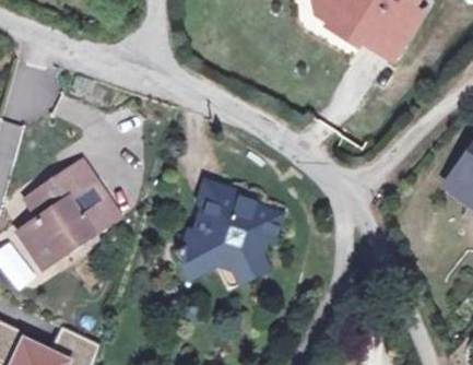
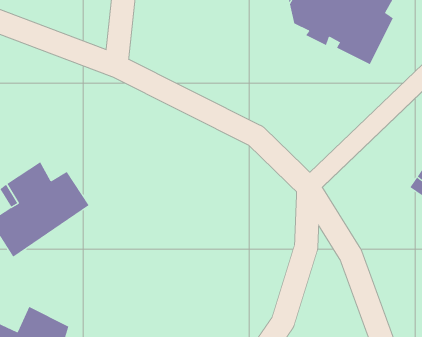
building: [176,185,282,283] -> none

